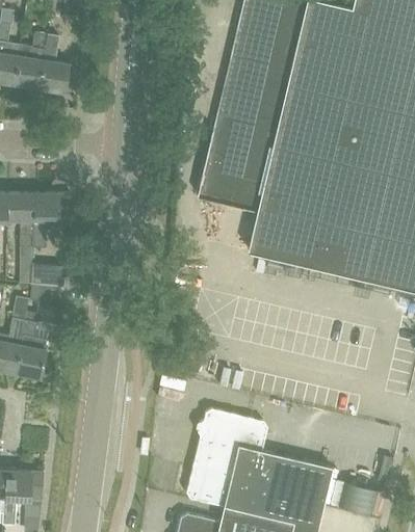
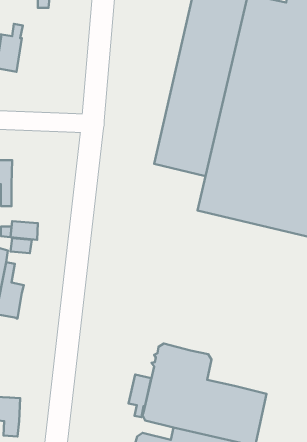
building: [37,34,68,94] -> none
building: [31,193,70,247] -> none
building: none -> [129,375,151,417]

